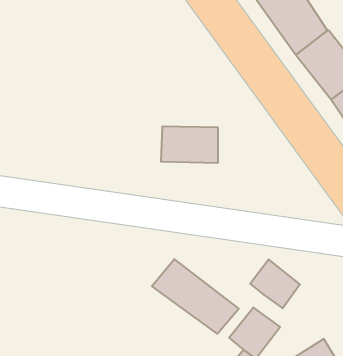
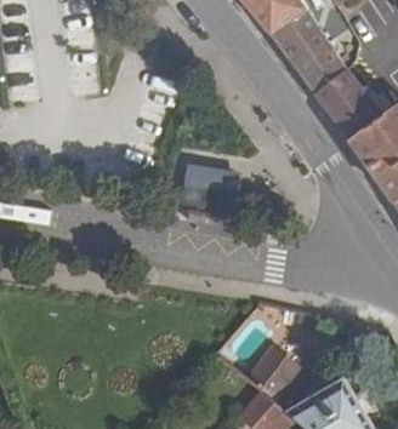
building: [152,259,239,334] -> none
building: [250,259,300,308] -> none

